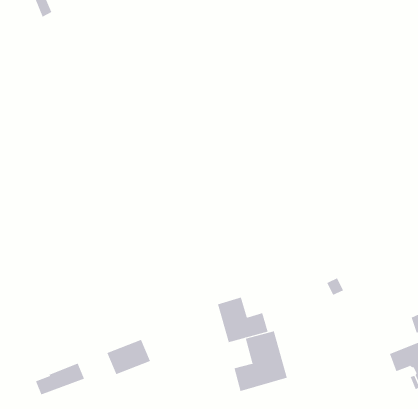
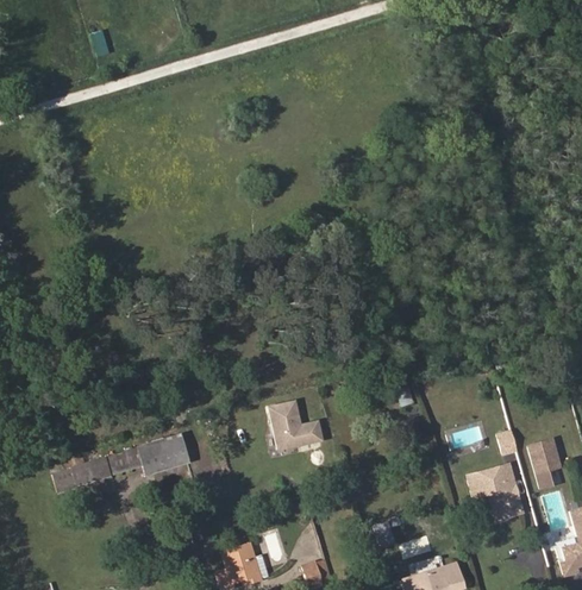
building: [234,331,287,392] -> none
building: none -> [106,447,145,475]

